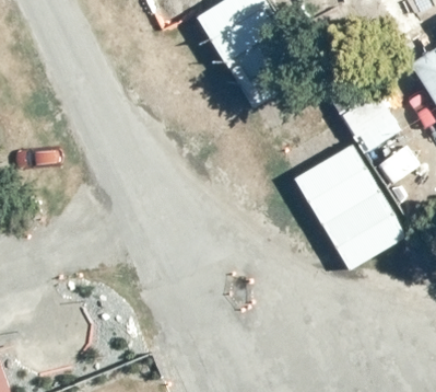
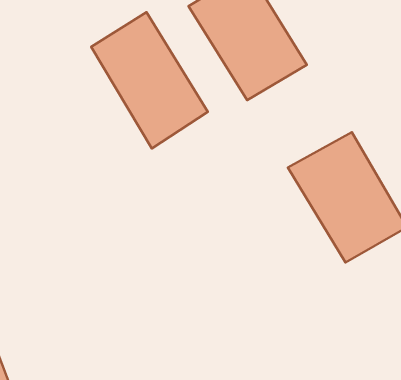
building: none -> [91,12,208,149]

